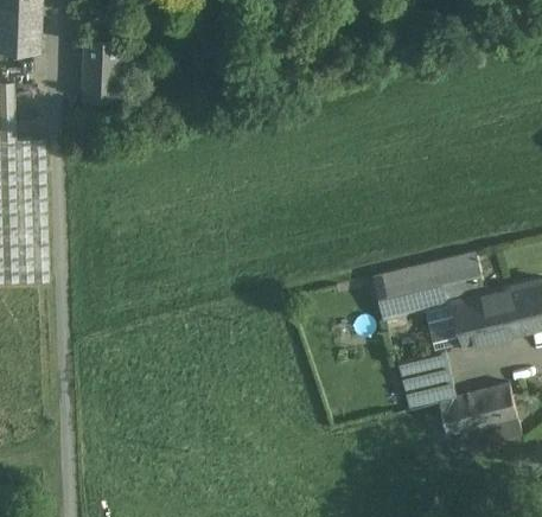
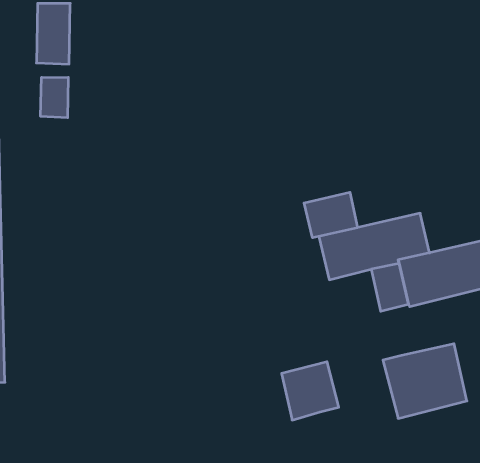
building: none -> [41,77,68,118]
building: none -> [304,192,357,238]
building: [395,349,453,408] -> [282,362,339,420]

